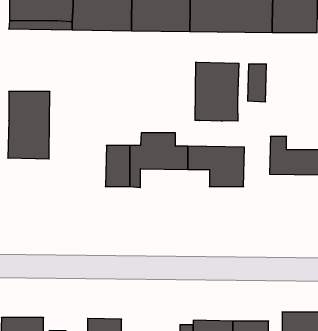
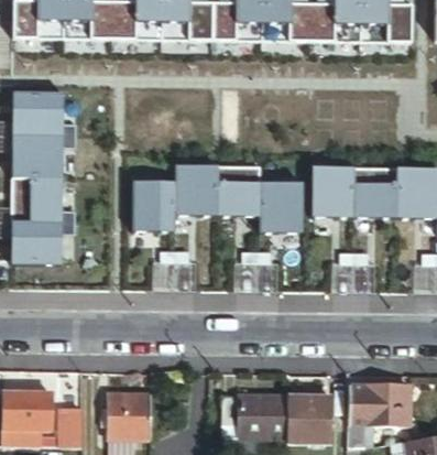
building: [195,62,239,121] -> none
building: [248,64,266,102] -> [312,169,335,215]
building: none -> [13,90,64,113]
building: none -> [12,195,63,264]

